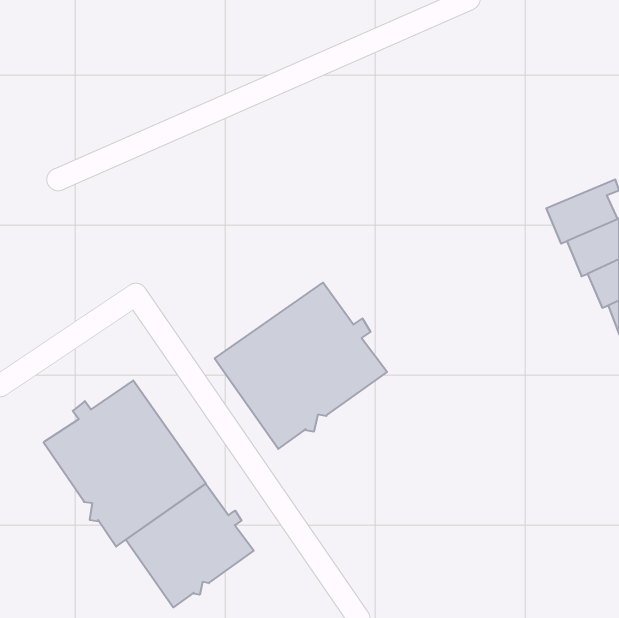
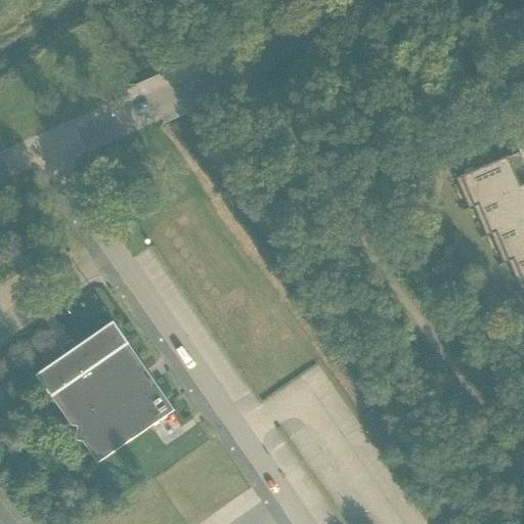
building: [215,283,387,449] -> none
building: [126,484,254,607] -> none

